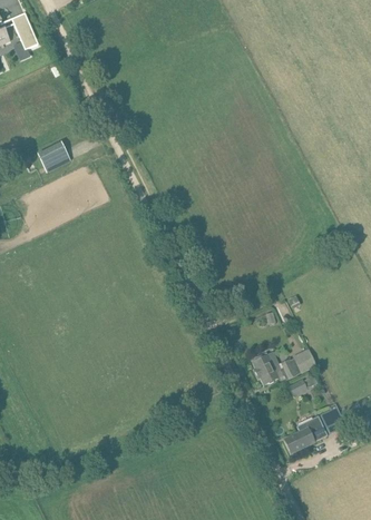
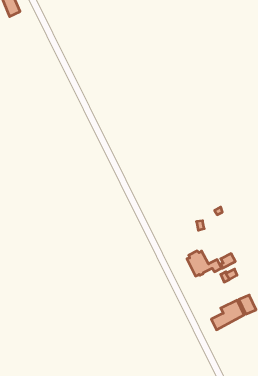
building: [38,141,70,171] -> none

